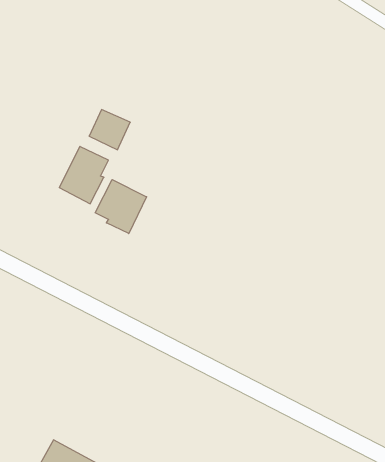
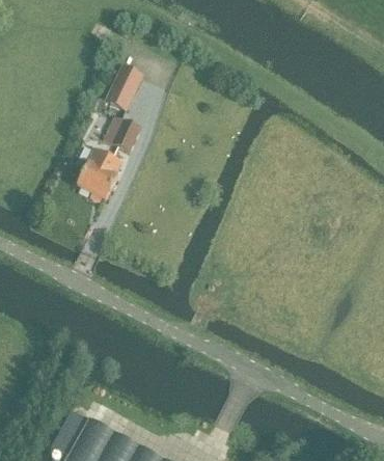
building: none -> [106,64,142,108]
building: [95,180,147,234] -> none

